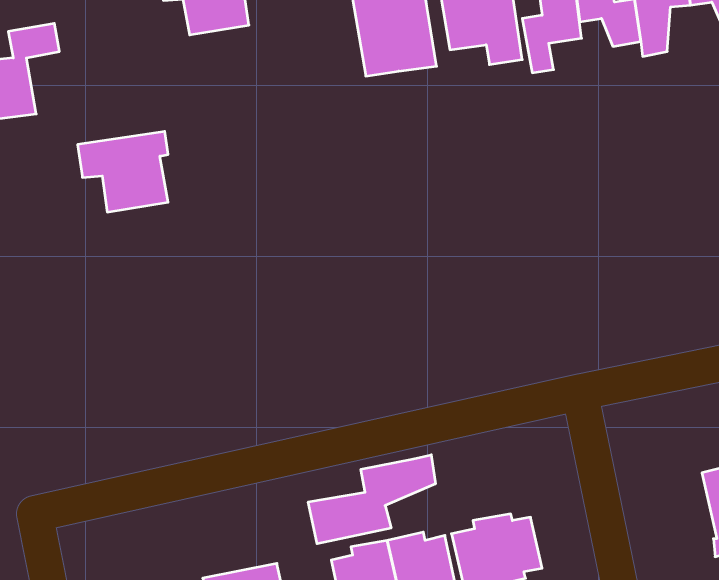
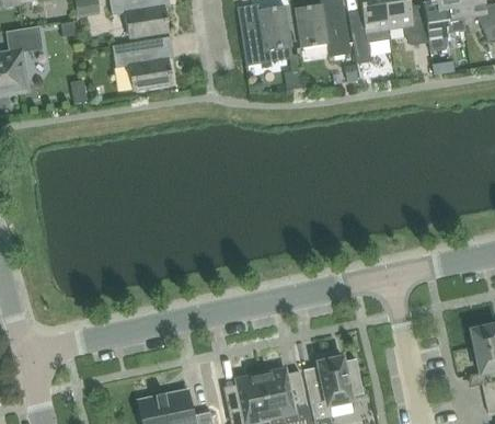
building: [78,131,168,212] -> [113,36,173,90]
building: [308,455,435,544] -> none

